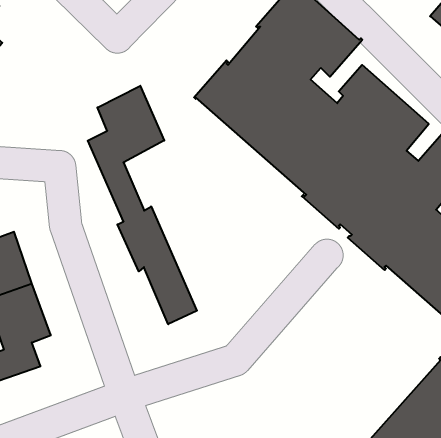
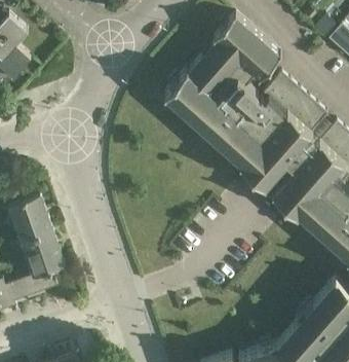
building: [88,86,197,324] -> none

